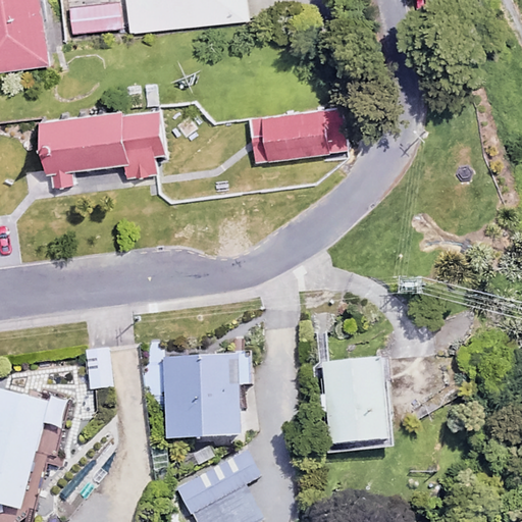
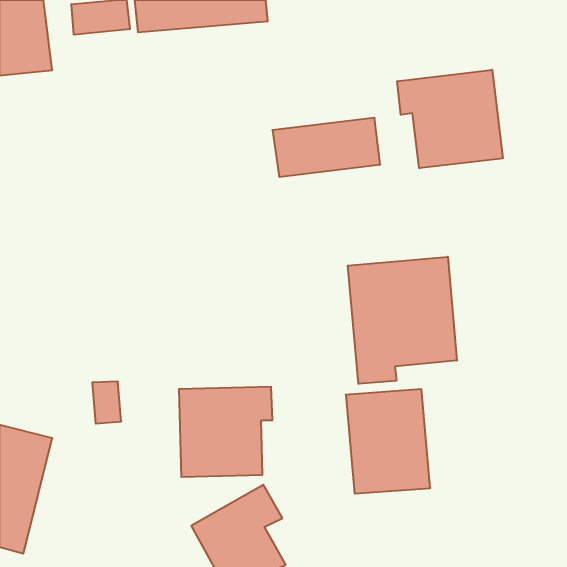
building: none -> [397,70,503,168]
building: [38,102,169,189] -> none
building: none -> [348,257,457,384]

